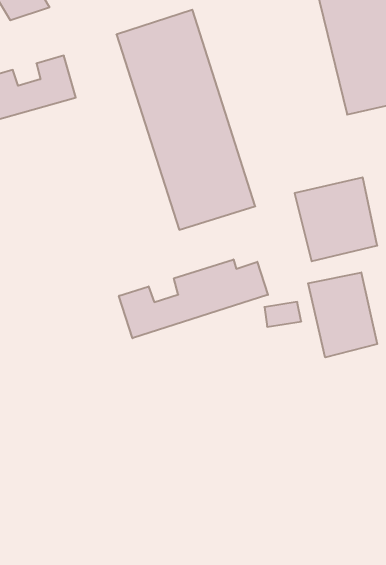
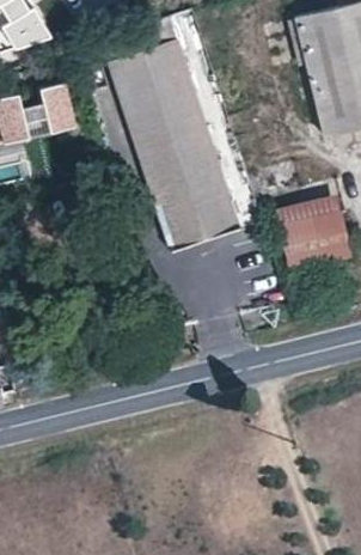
building: [119,259,268,338] -> none
building: [308,272,377,357] -> none

